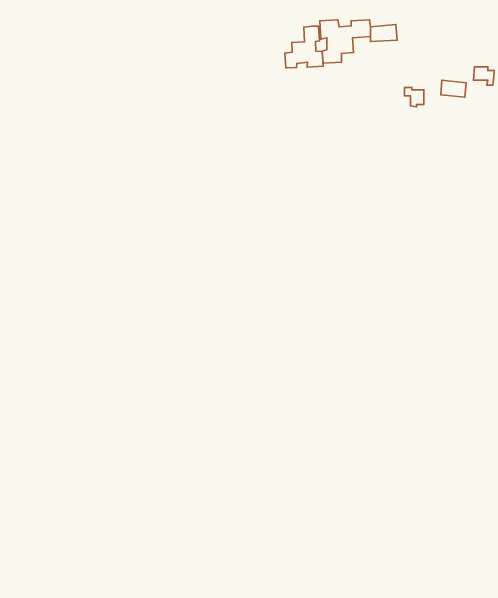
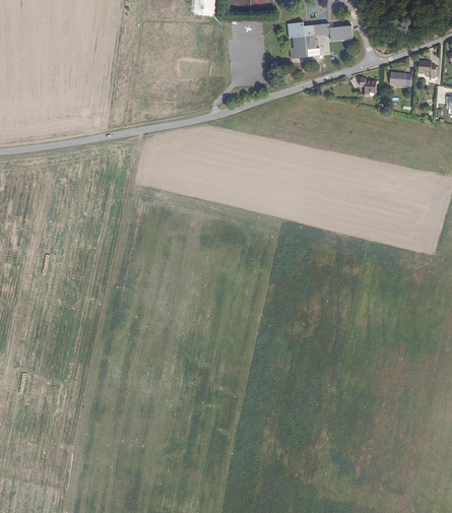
building: [285,26,323,68] -> none

